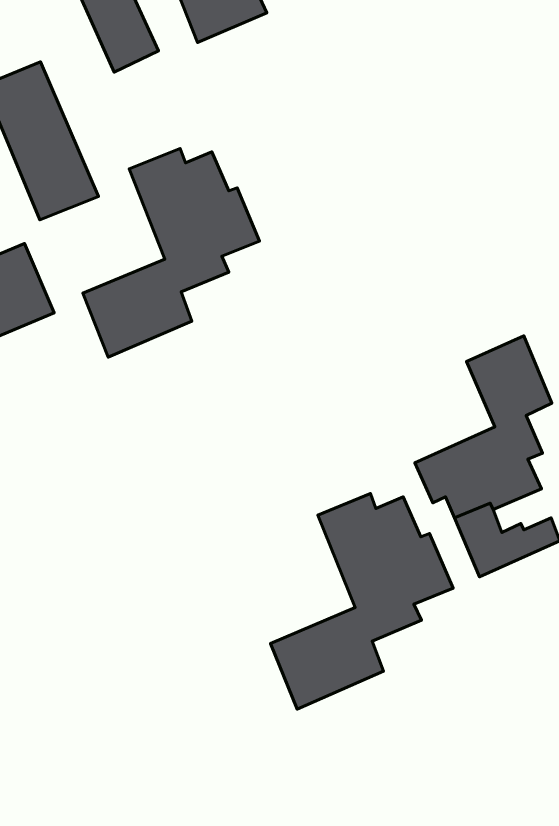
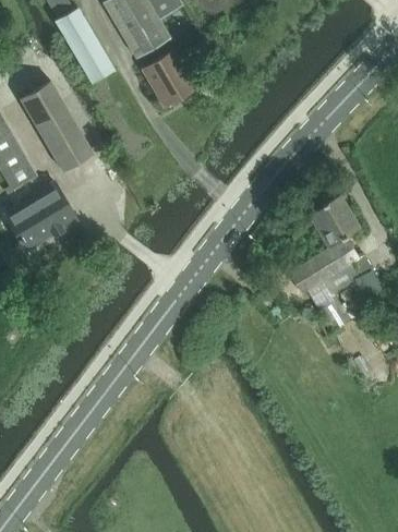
building: none -> [142,50,194,106]
building: [83,148,260,357] -> none
building: [270,494,453,709] -> none

